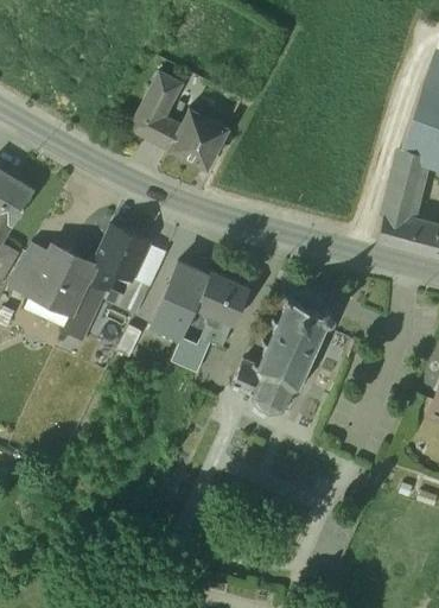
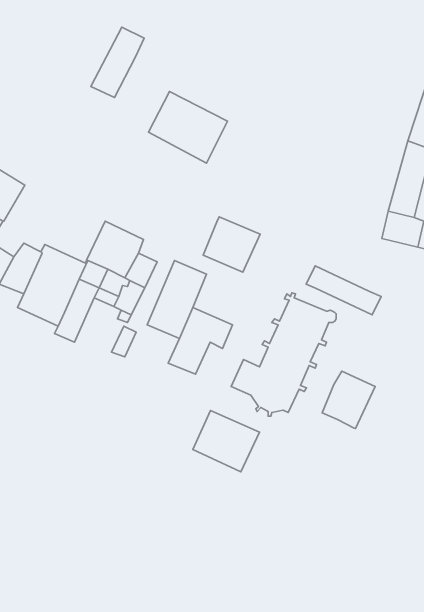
building: [131,69,182,137] -> [91,27,144,98]
building: none -> [306,266,381,315]
building: [196,268,250,322] -> [203,217,260,272]
building: none -> [322,371,375,428]
building: none -> [193,411,259,472]

